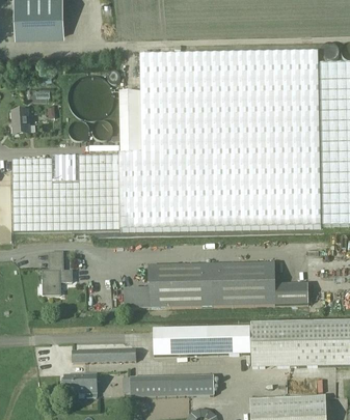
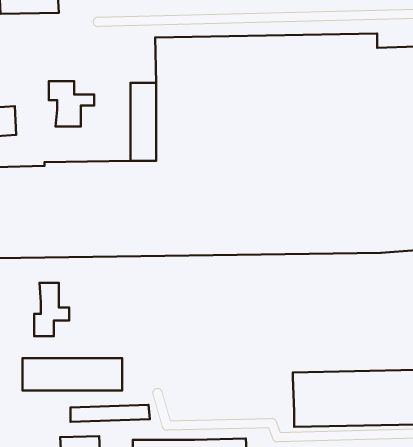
building: none -> [49,81,94,127]
building: [125,262,308,306] -> none
building: none -> [23,358,122,391]
building: [154,327,251,356] -> none

